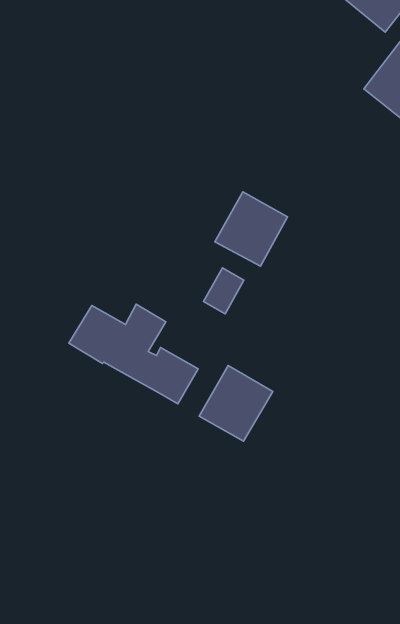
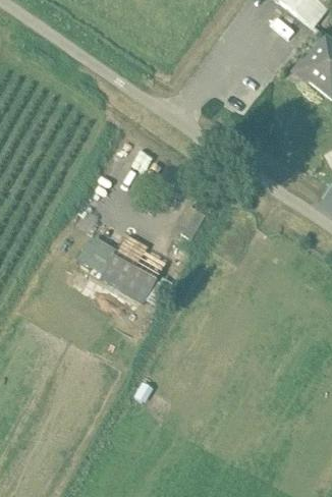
building: [215,192,287,266] -> none
building: [199,365,273,441] -> none

